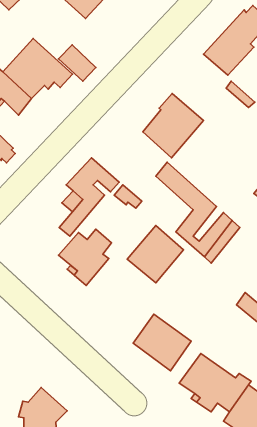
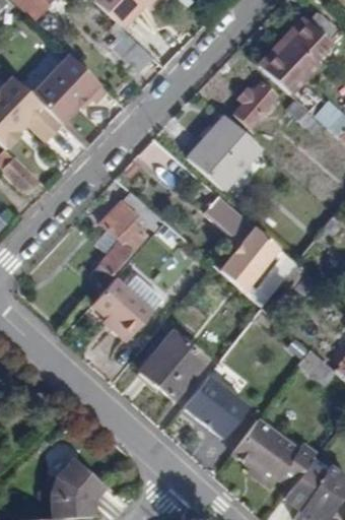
building: [58,45,96,81] -> [110,29,153,72]
building: none -> [233,81,277,127]
building: [127,225,184,283] -> [140,330,206,397]

